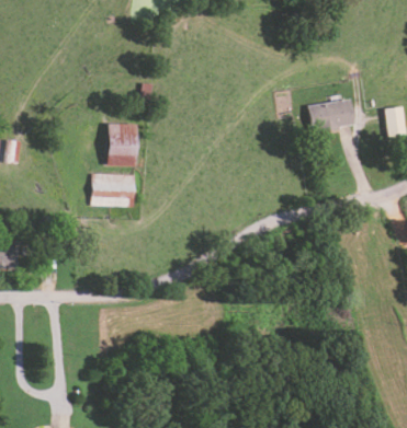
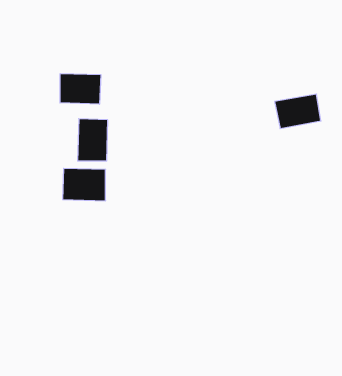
building: none -> [60,74,101,104]

